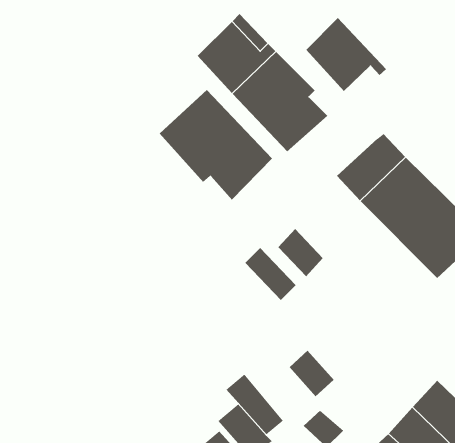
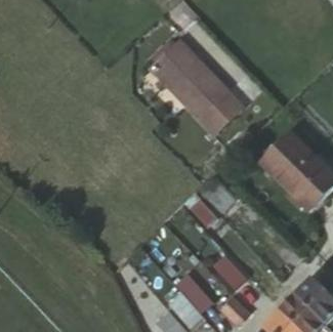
building: [305,17,387,92] -> none
building: [159,89,273,200] -> none

